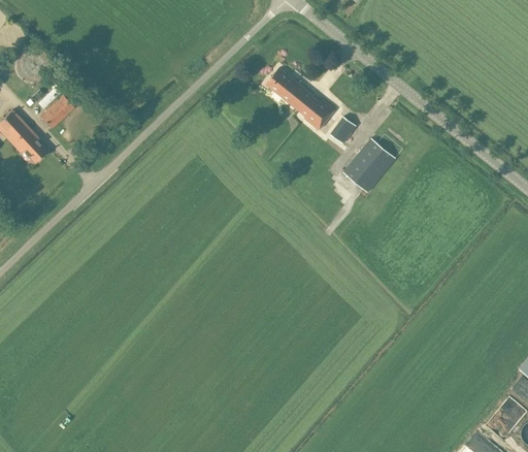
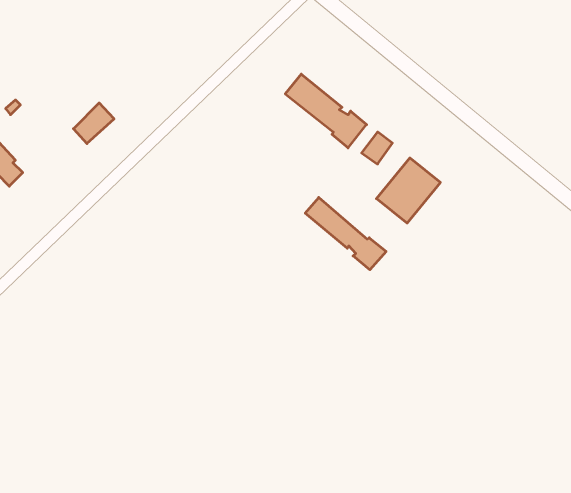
building: [40,95,74,129] -> [73,103,114,144]
building: none -> [305,197,386,270]

